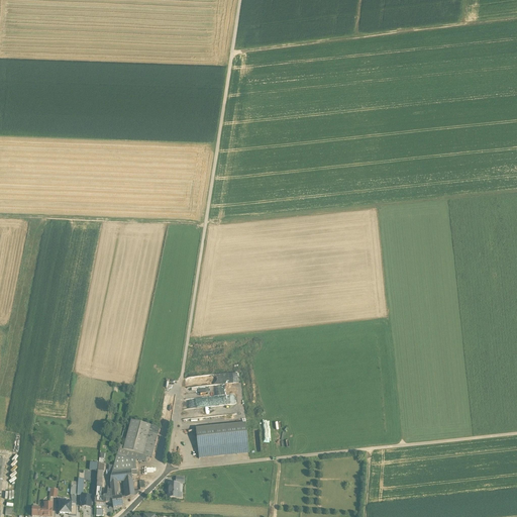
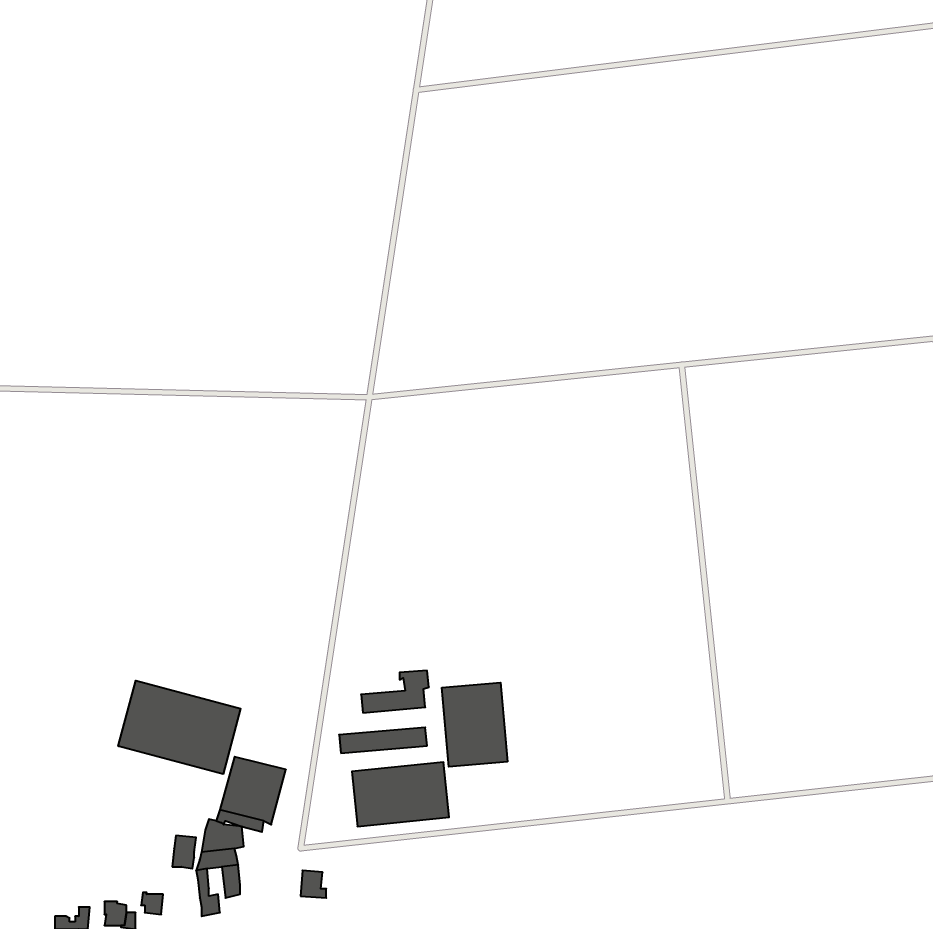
building: none -> [118,681,241,774]
building: none -> [442,683,507,767]

